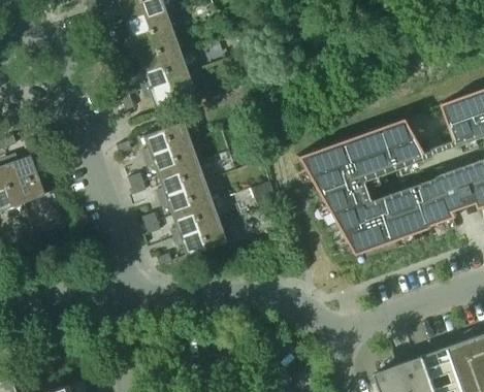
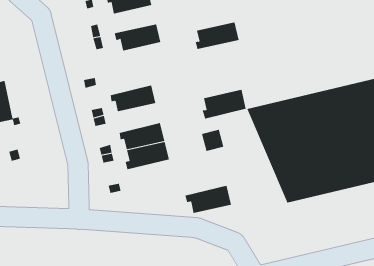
building: [140,56,189,91] -> [195,22,240,50]
building: [142,122,191,159] -> none
building: [157,162,205,199] -> [202,89,247,119]
building: [174,222,227,257] -> [184,185,232,213]

